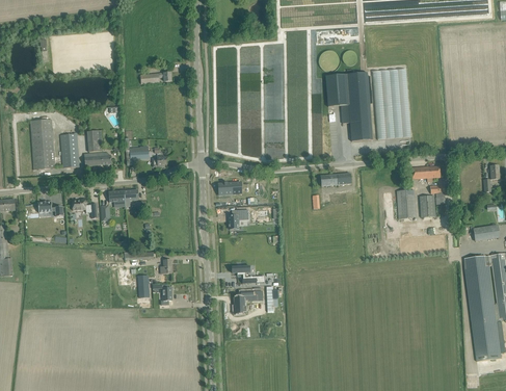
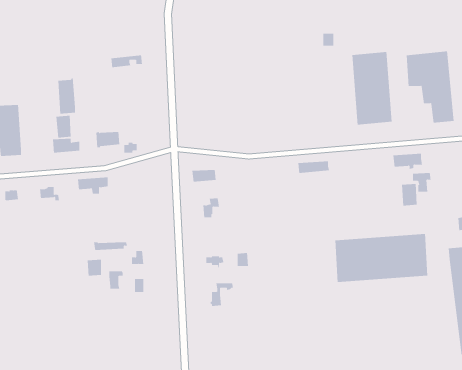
building: [326,71,373,140] -> [406,51,454,123]
building: [61,131,79,166] -> [57,77,76,114]
building: [397,189,417,218] -> none
building: none -> [335,233,428,283]

